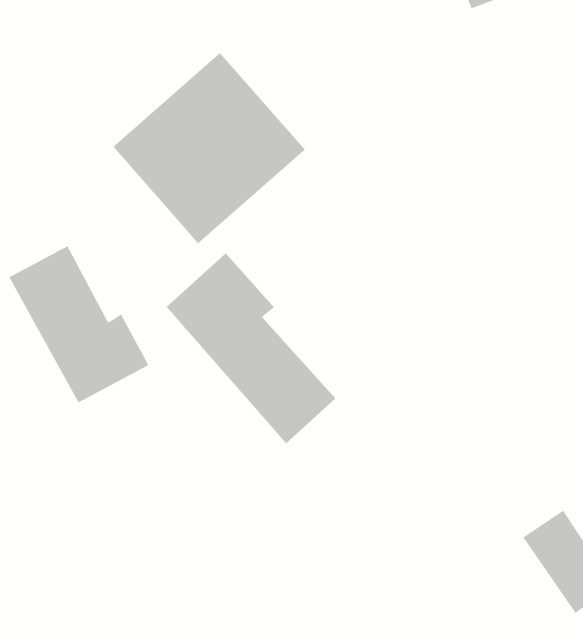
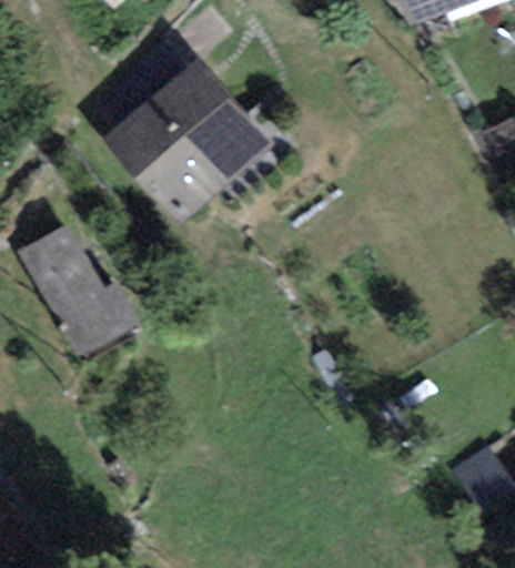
building: [166,253,336,444] -> none

